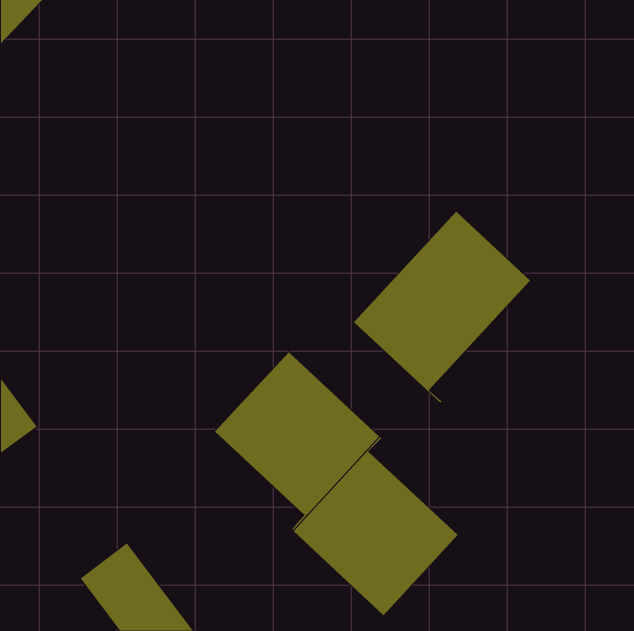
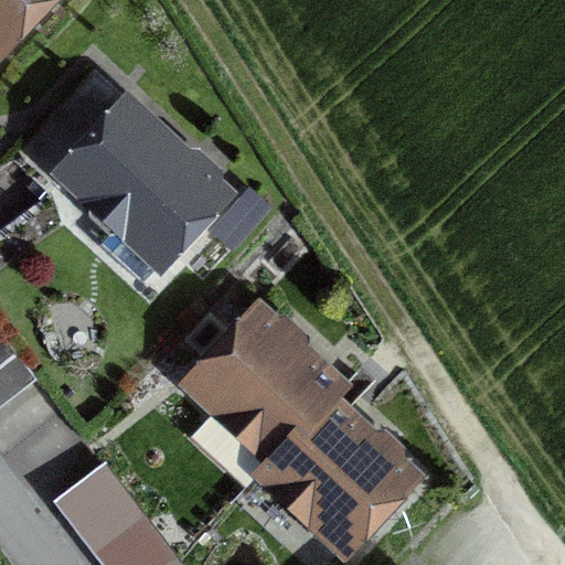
building: none -> [60,100,225,263]
building: [353,211,531,404] -> none

